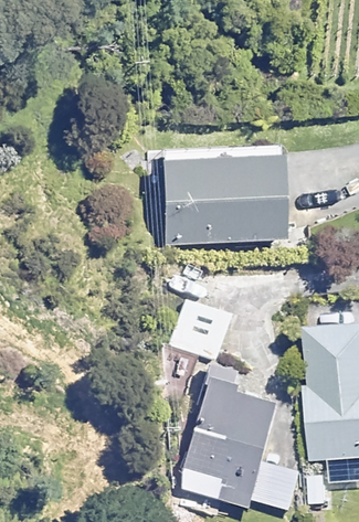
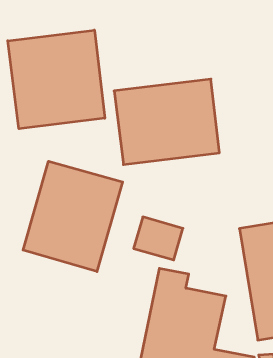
building: none -> [8,30,105,129]
building: none -> [23,161,123,272]

